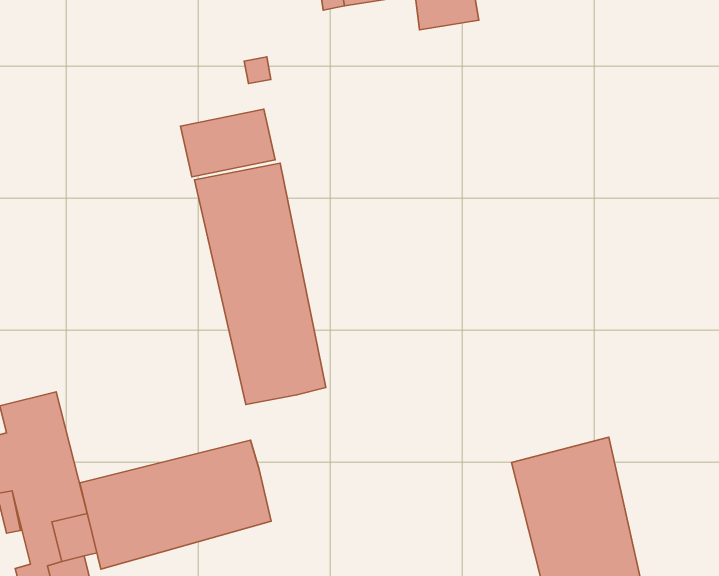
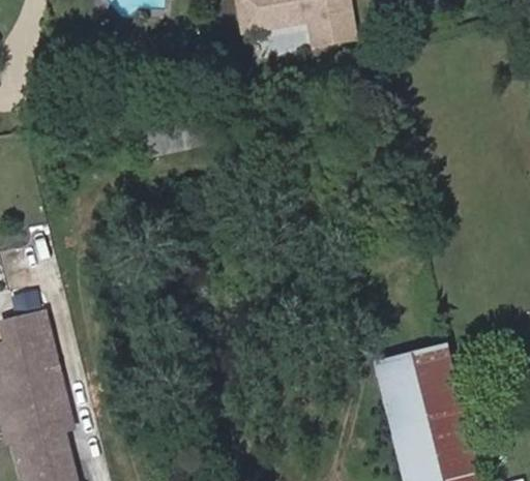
building: [195,163,326,404] -> none
building: [80,440,271,569] -> none

